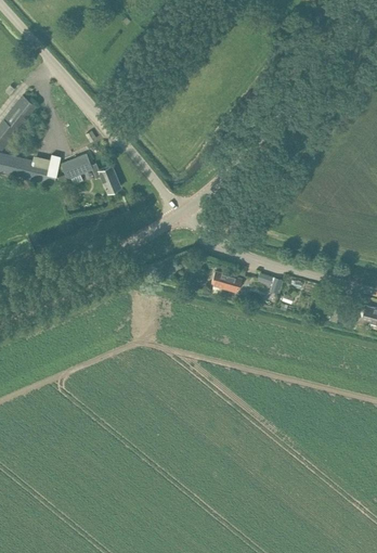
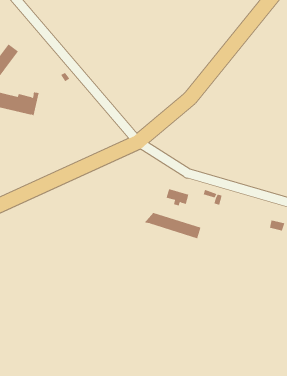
building: [57,153,120,192] -> none
building: none -> [144,212,201,239]

